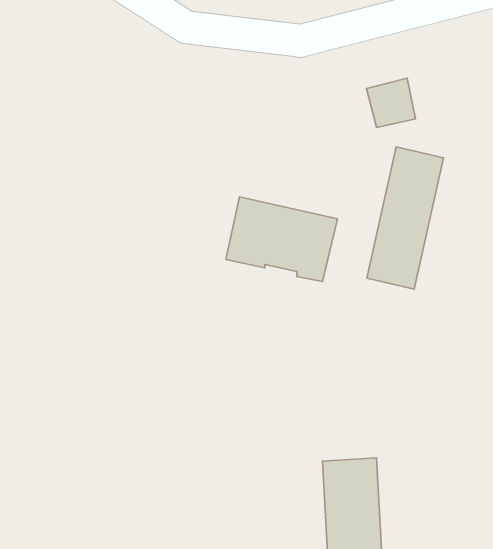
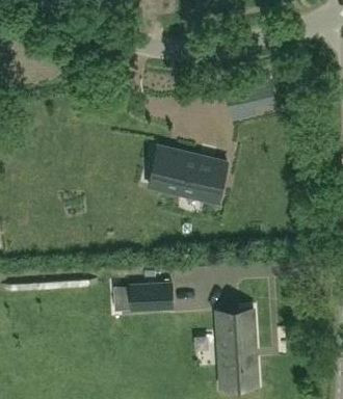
building: [367,147,444,289] -> none
building: none -> [128,285,170,312]

